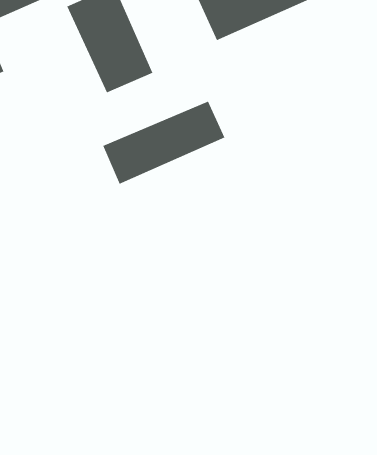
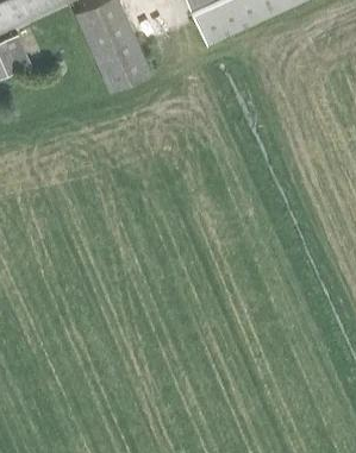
building: [102,100,226,185] -> none

